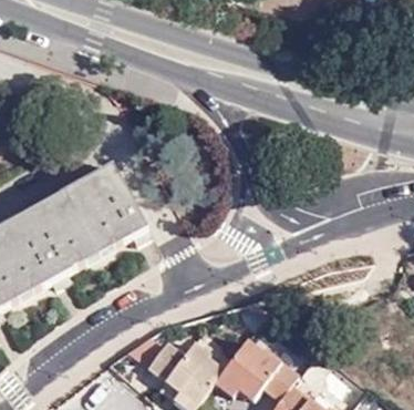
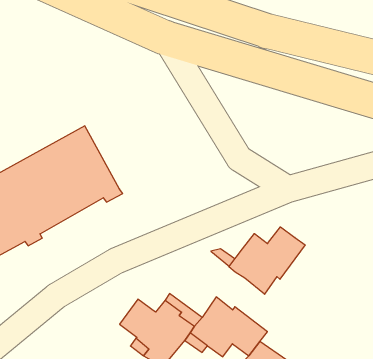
building: none -> [229,227,305,294]

